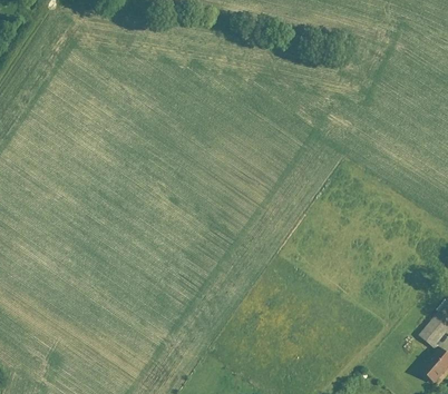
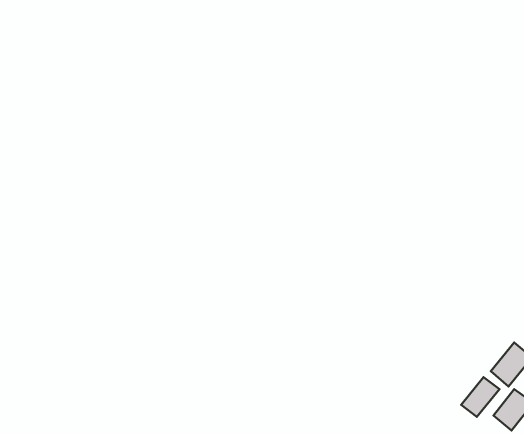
building: none -> [461,377,499,417]

